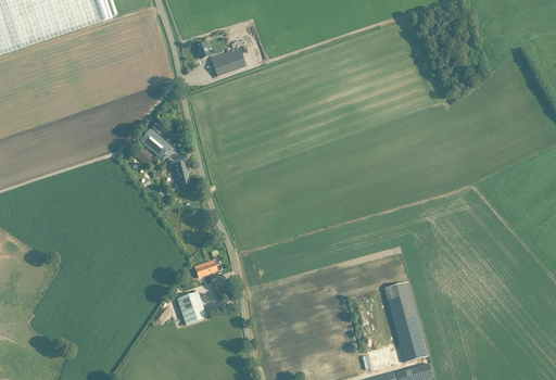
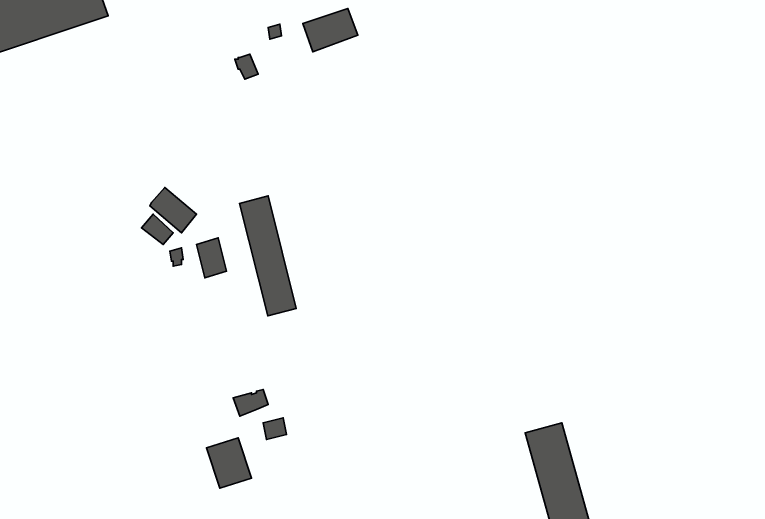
building: [210,48,245,76] -> [303,8,358,52]
building: none -> [240,196,296,316]

